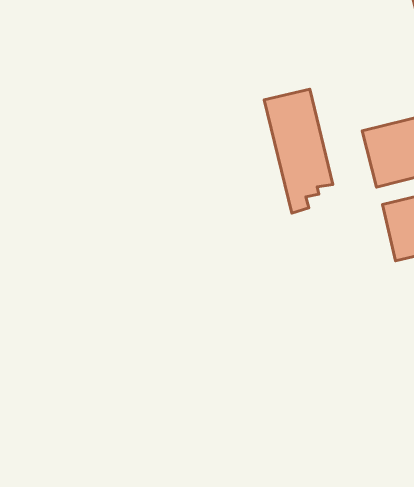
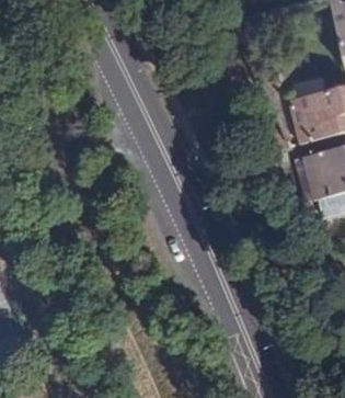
building: [264,89,333,213] -> none

